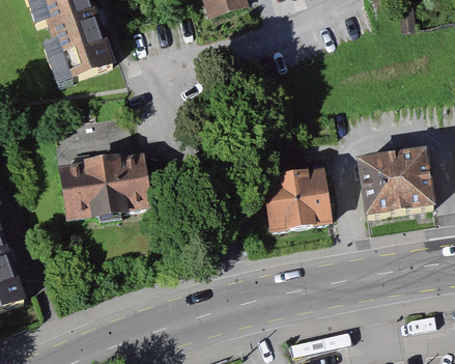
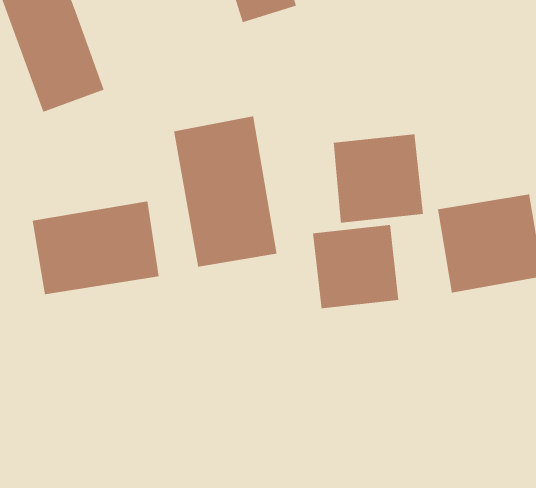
building: none -> [174,116,277,268]
building: none -> [333,134,423,223]

